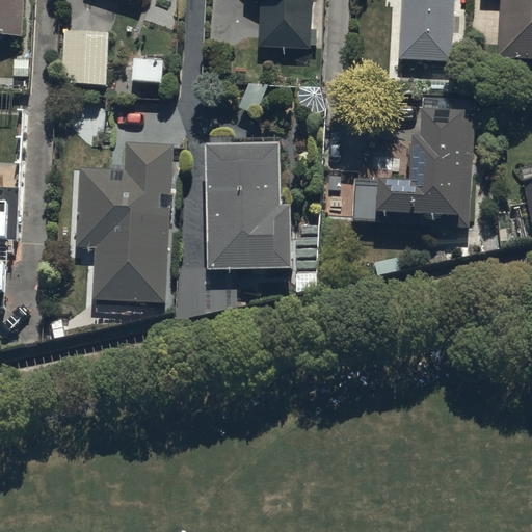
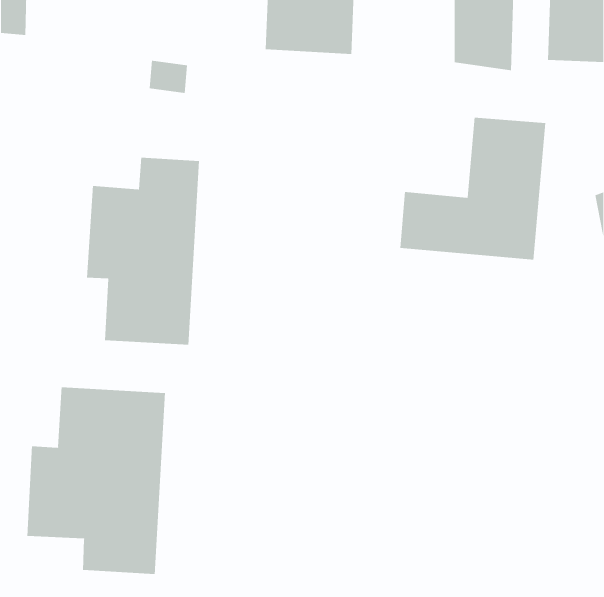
building: [62,28,108,84] -> none
building: [208,143,287,272] -> none
building: none -> [27,386,166,575]

